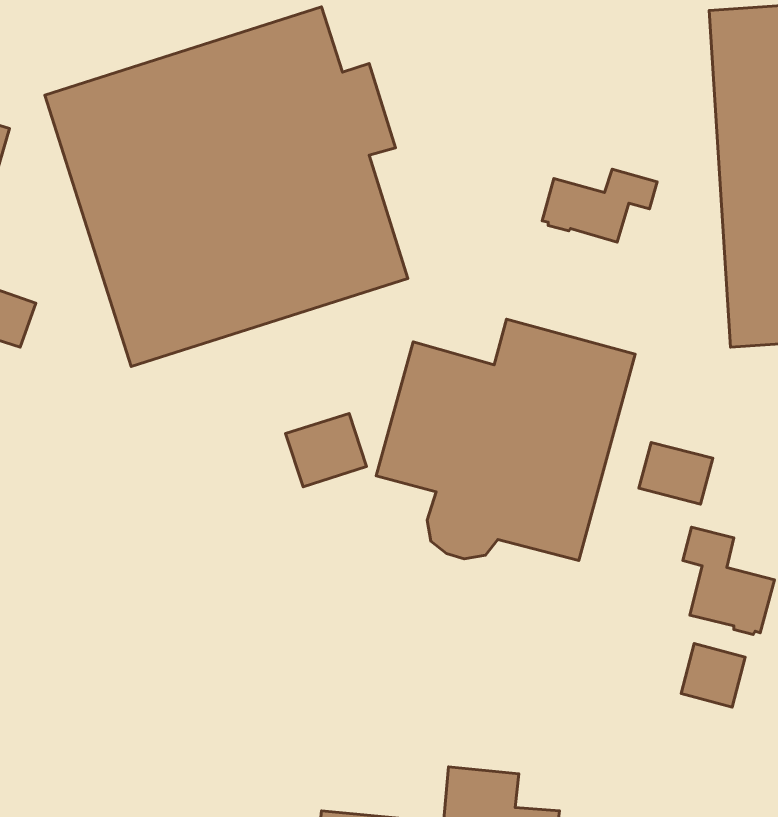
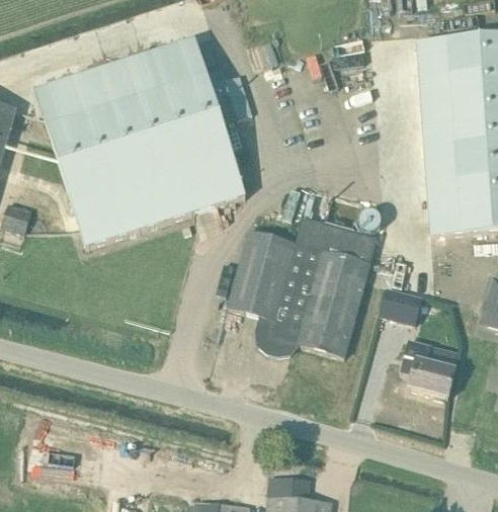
building: [542,169,657,242] -> none
building: [286,413,367,487] -> none
building: [681,643,745,707] -> none

